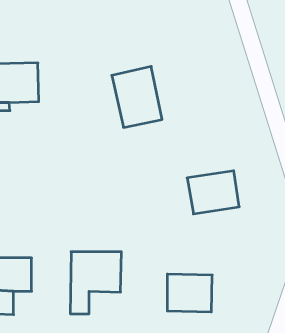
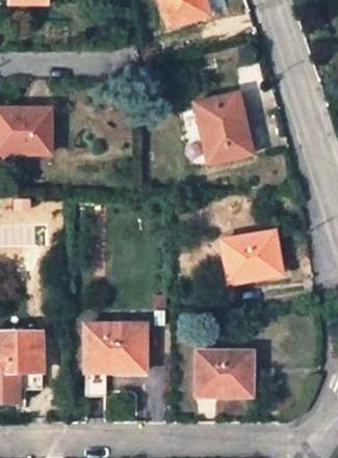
building: [112,66,162,127] -> [193,92,252,163]

